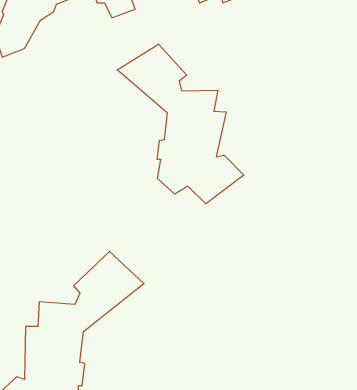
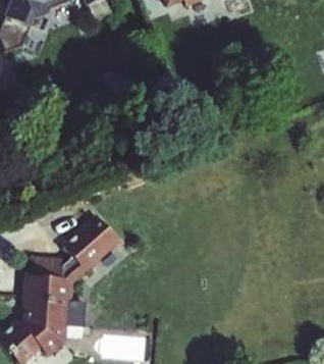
building: [117,44,244,204] -> none

